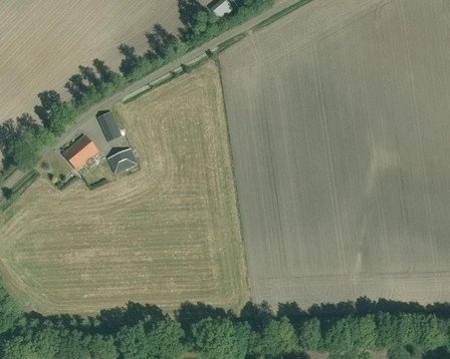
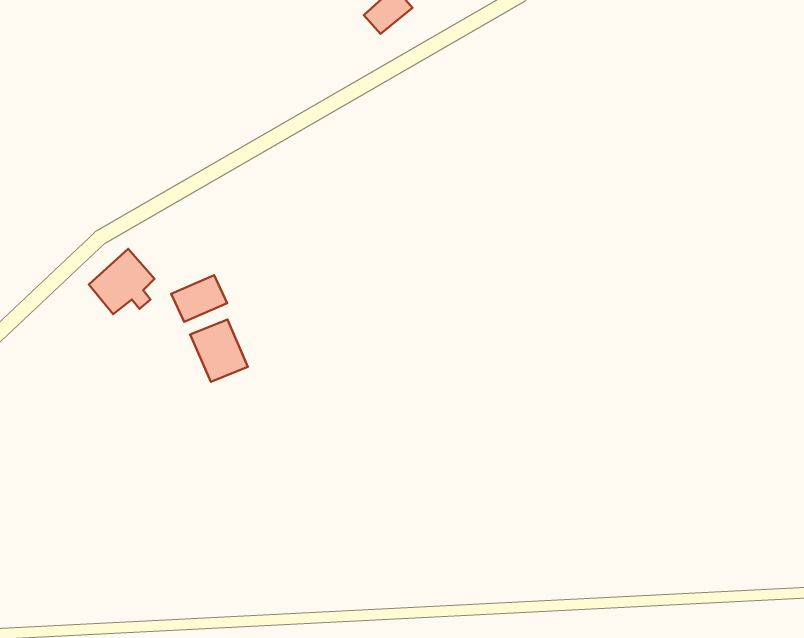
building: [97,111,121,140] -> none
building: none -> [190,319,248,382]

